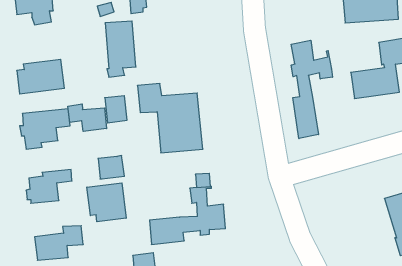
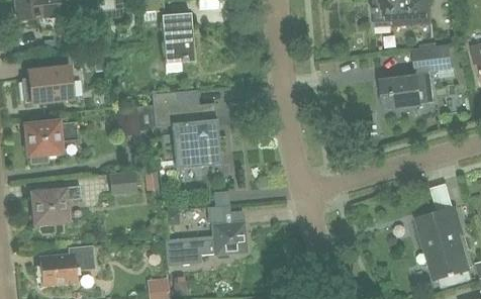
building: [105,21,136,77] -> [162,10,195,71]
building: [291,40,332,139] -> none
building: [68,104,107,131] -> none
building: [87,183,126,222] -> none

